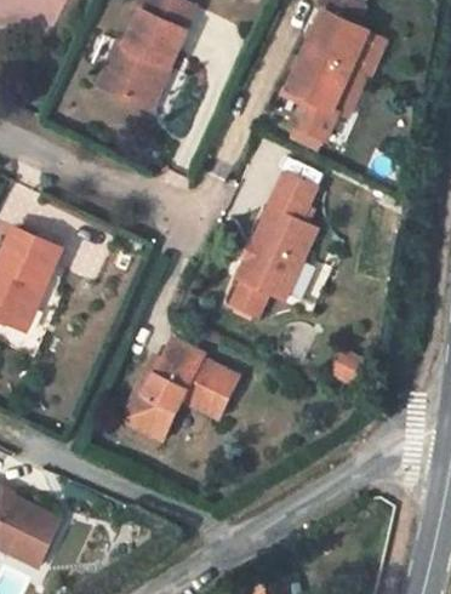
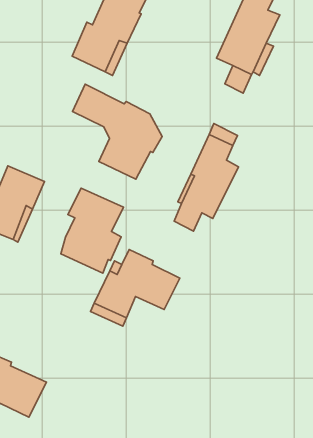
building: none -> [72,84,162,179]
building: none -> [61,188,124,273]

